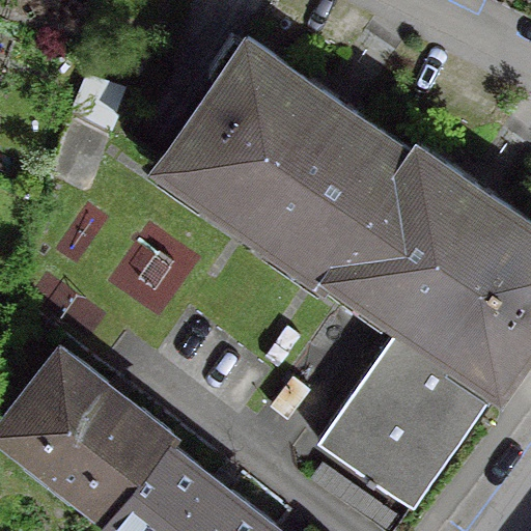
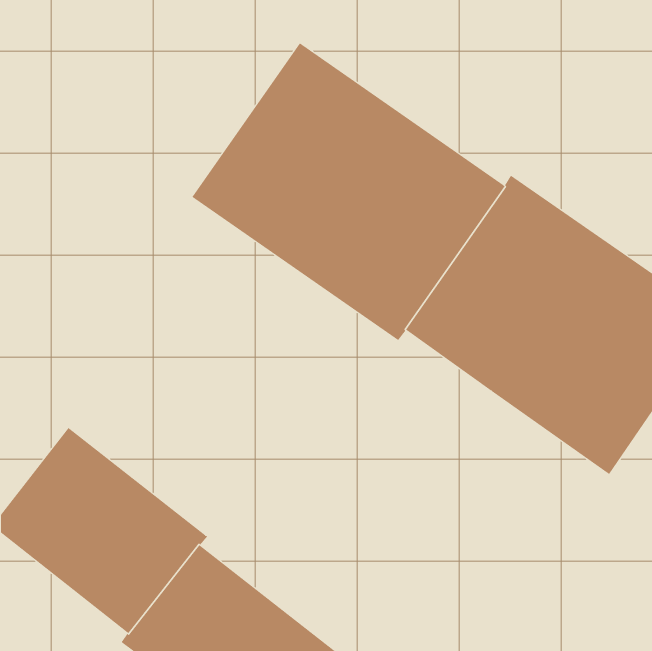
building: [315,320,496,511] -> none

